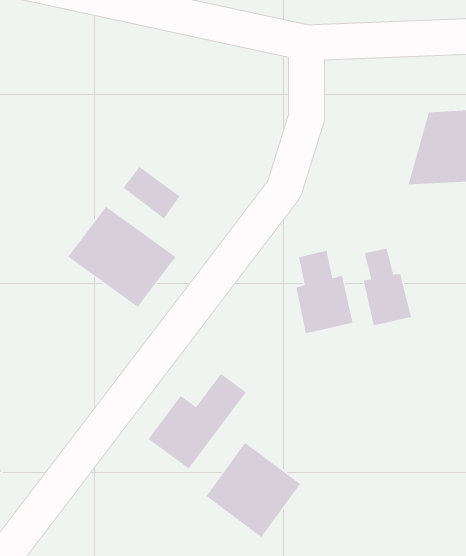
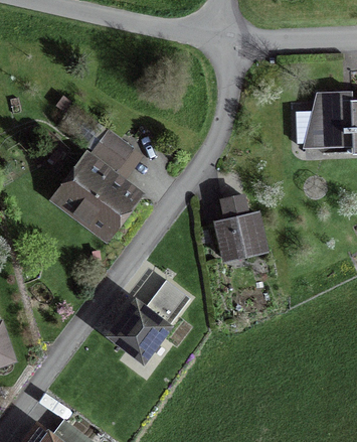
building: [363,248,412,326] -> none
building: [206,442,301,538] -> none

